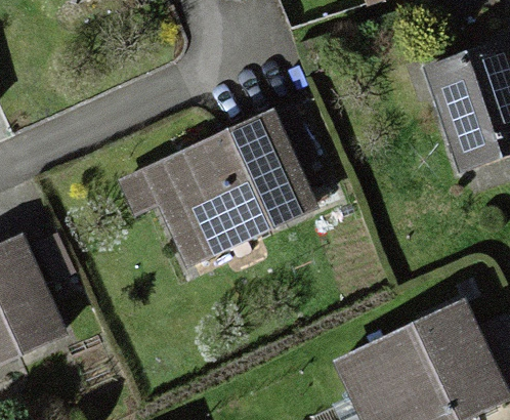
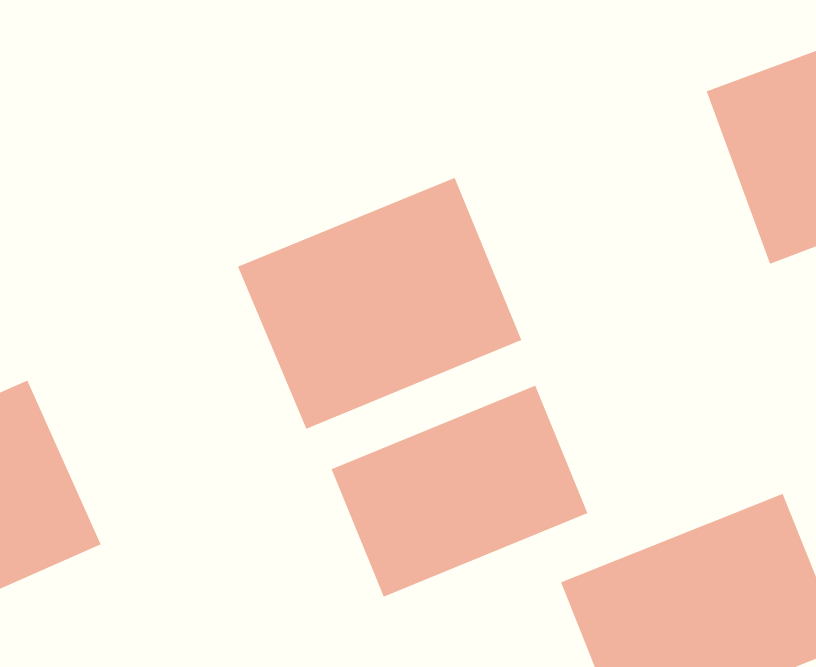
building: none -> [331,385,588,597]

